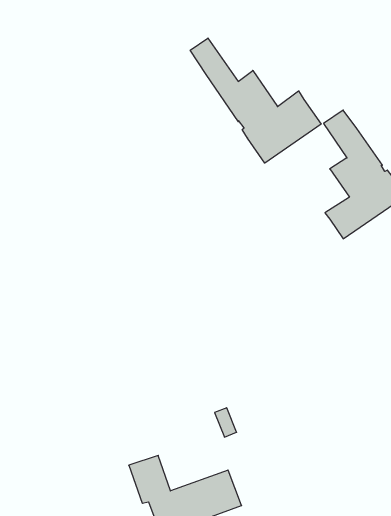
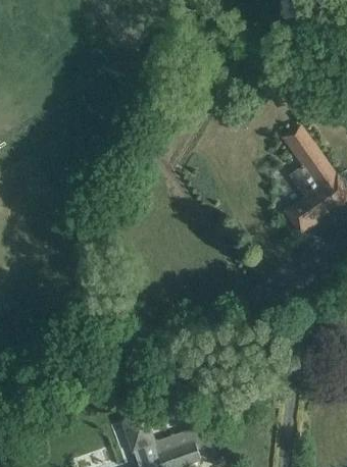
building: [190,38,321,163] -> none

